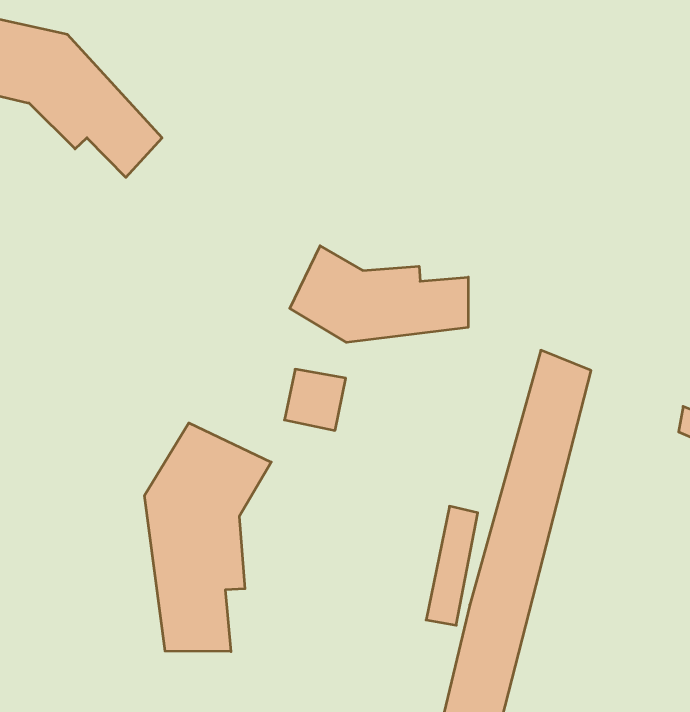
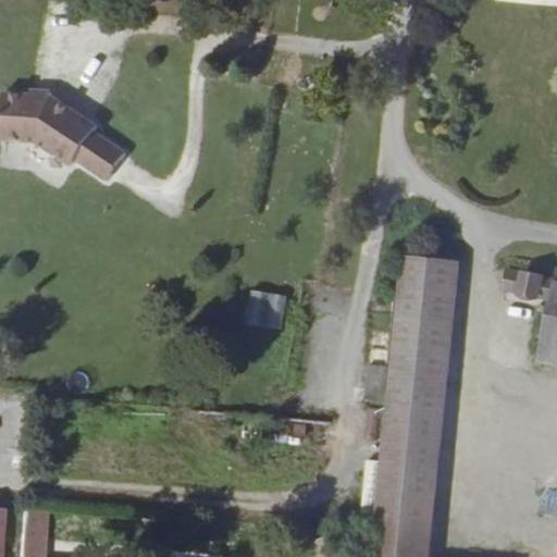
building: [290,246,468,342] -> none
building: [145,423,271,652] -> none

